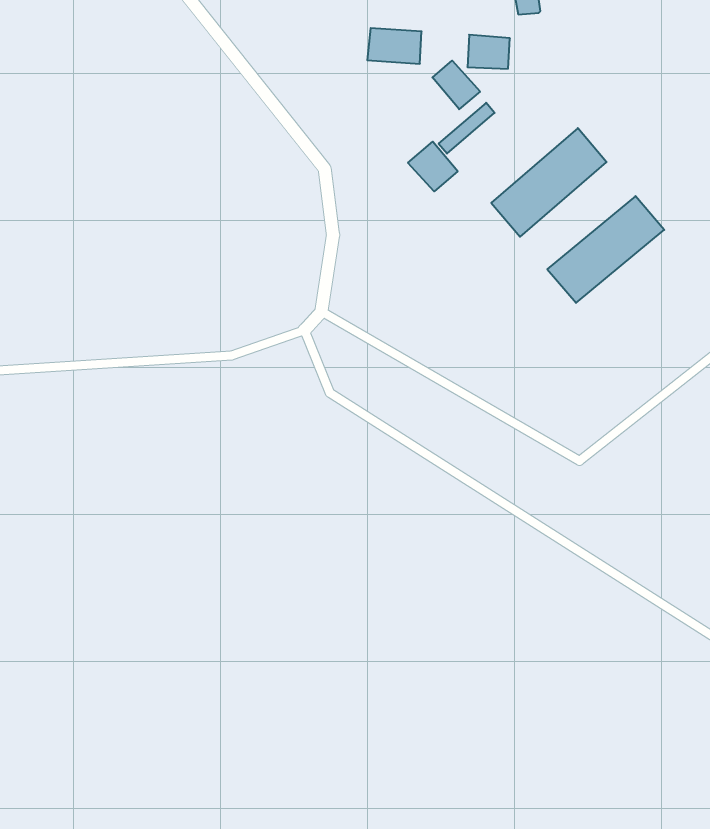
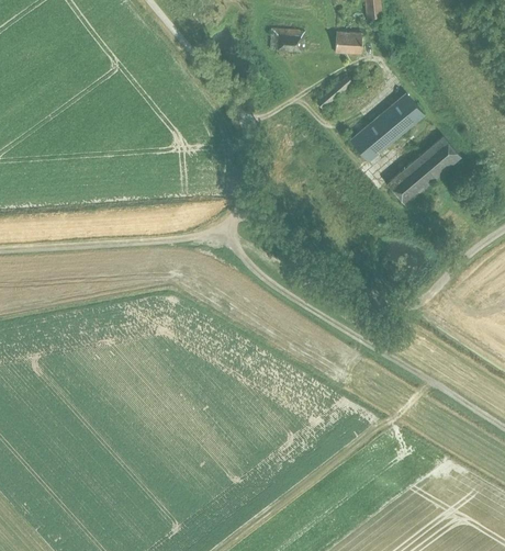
building: [432,61,480,109] -> none
building: [408,142,458,191] -> none

